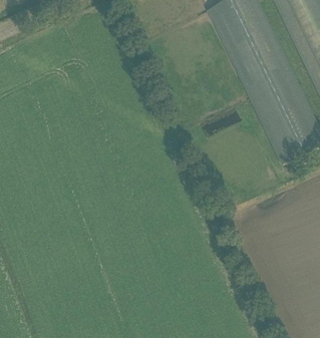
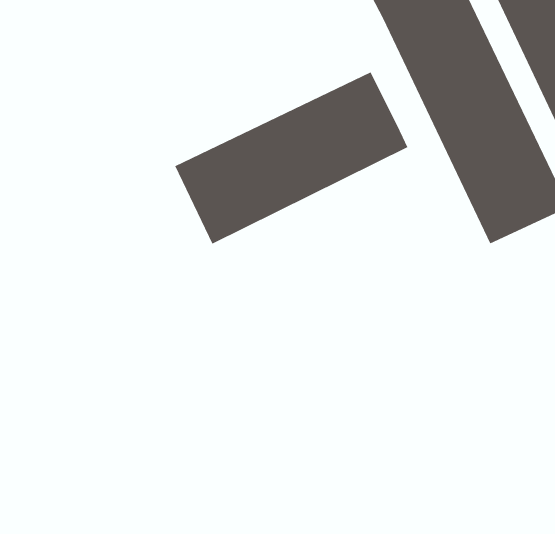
building: none -> [175,71,408,244]

